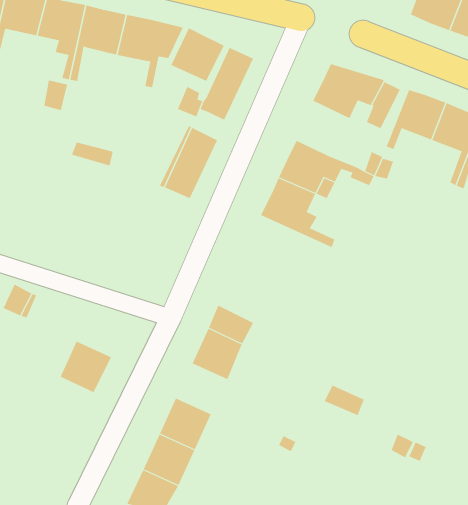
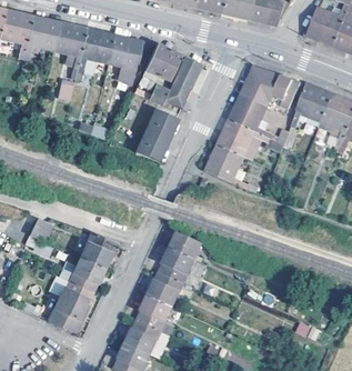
building: none -> [230,93,272,138]
building: none -> [80,231,115,268]
building: none -> [148,272,183,307]
building: none -> [49,281,92,333]

